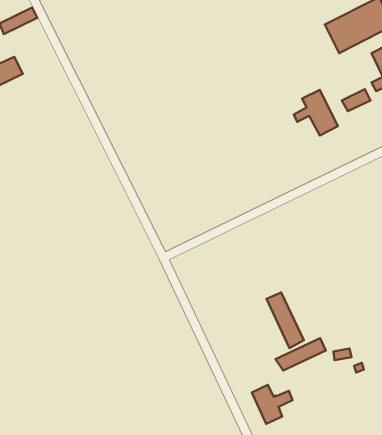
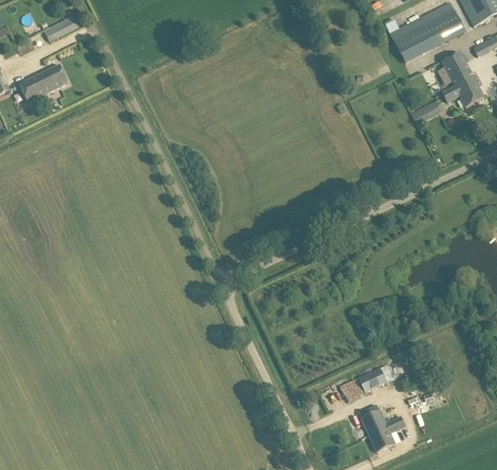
building: [294,90,338,135] -> none
building: [266,292,304,348] -> none
building: [252,385,293,424] -> [361,409,405,451]

